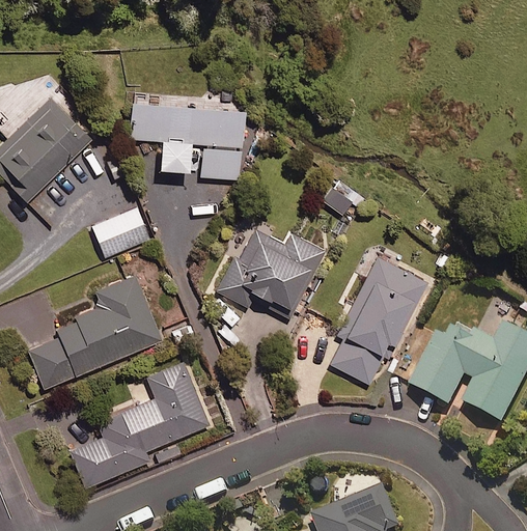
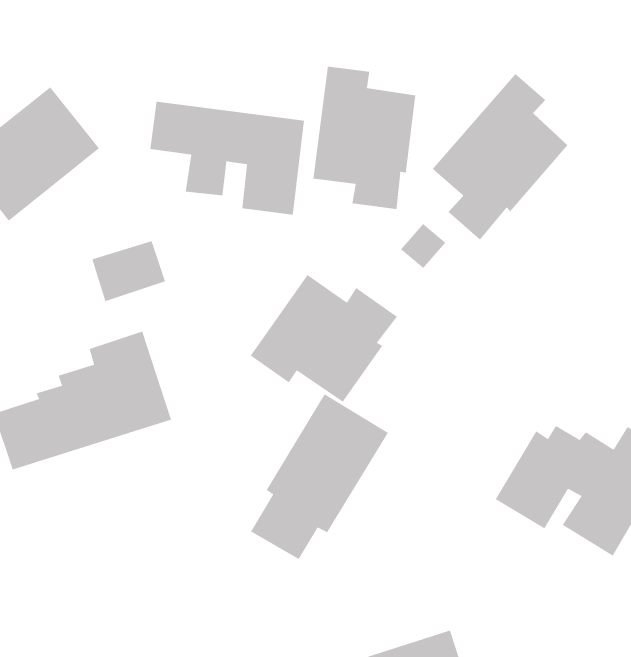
building: none -> [432,73,568,241]
building: none -> [313,66,416,210]
building: [331,255,429,382] -> [250,393,389,560]
building: [70,362,209,487] -> none

